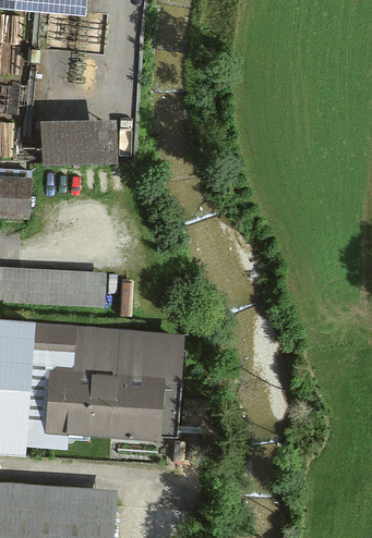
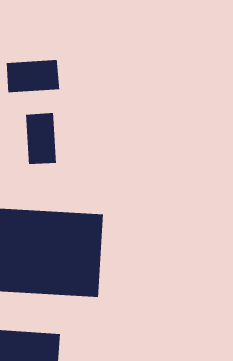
building: none -> [25,112,57,165]

